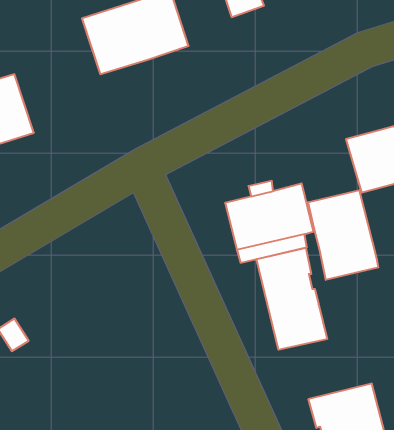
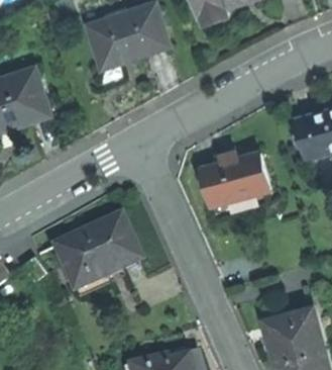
building: [308,190,378,280] -> none
building: [256,248,327,350] -> none
building: none -> [54,214,141,289]

